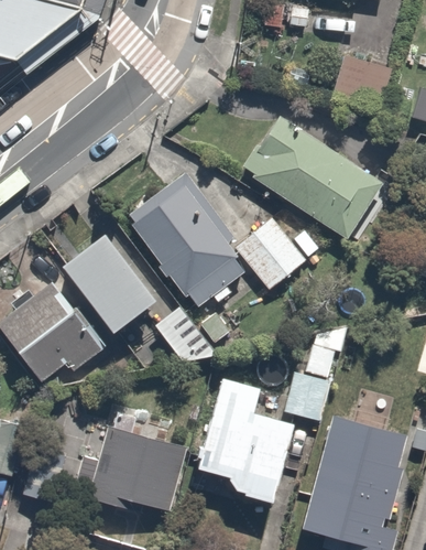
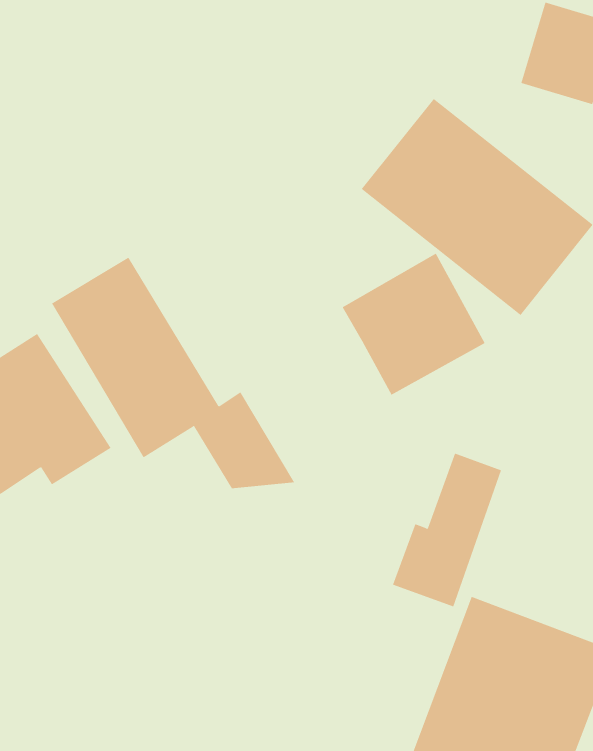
building: [130,175,252,308] -> none
building: [198,378,298,505] -> none
building: [73,423,181,515] -> none

